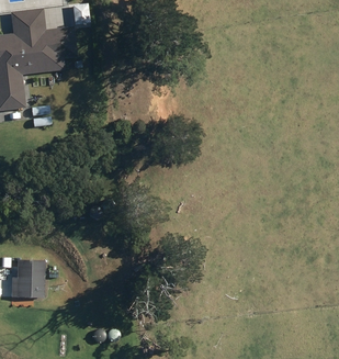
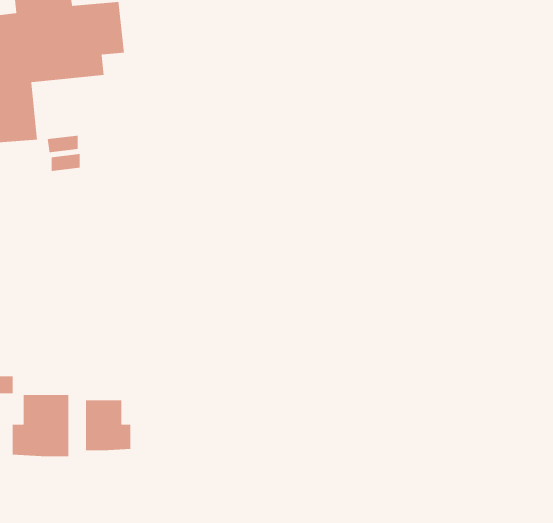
building: none -> [85,400,131,451]

